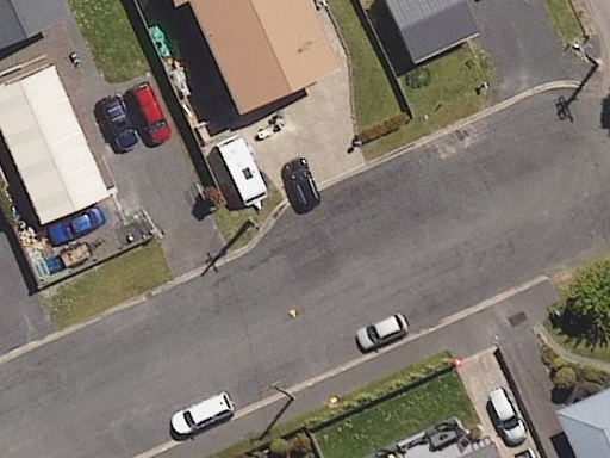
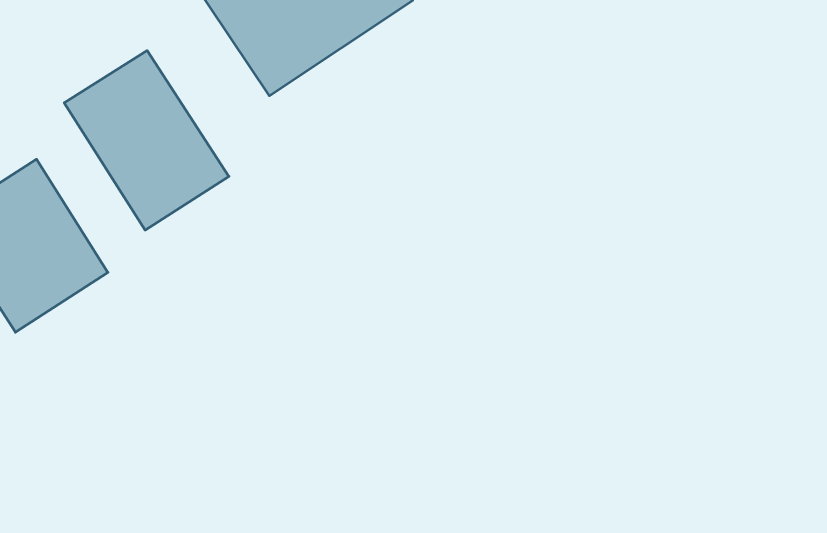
building: none -> [64,51,229,230]

